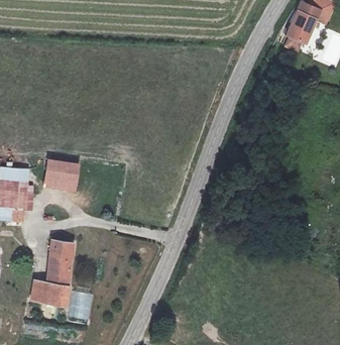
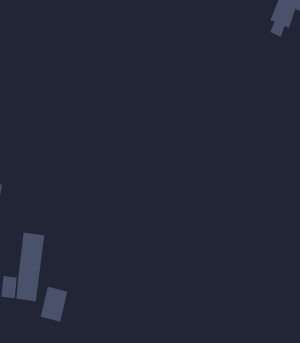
building: [44,154,86,191] -> none

